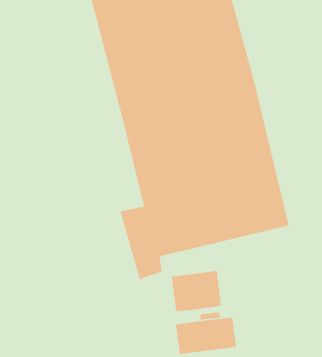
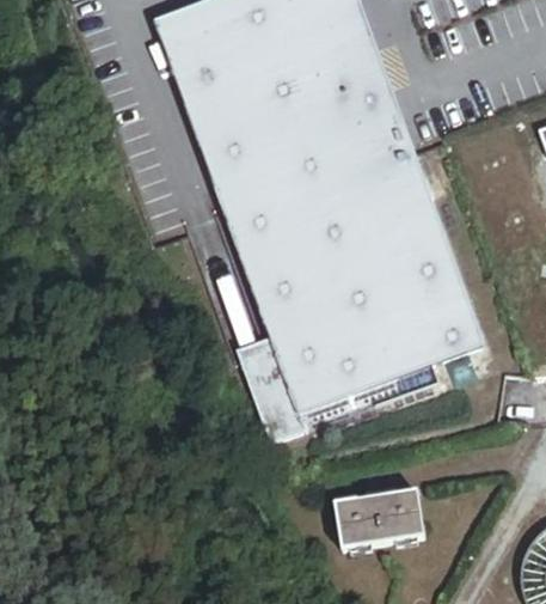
building: [171,270,222,312] -> none

